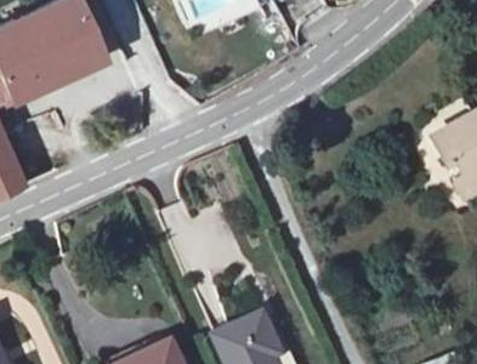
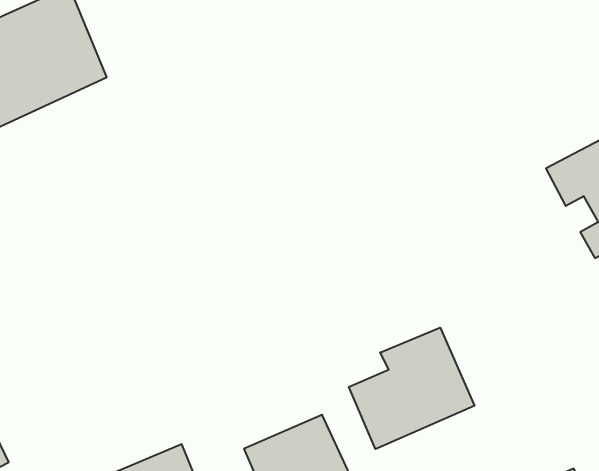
building: none -> [349,328,474,449]

